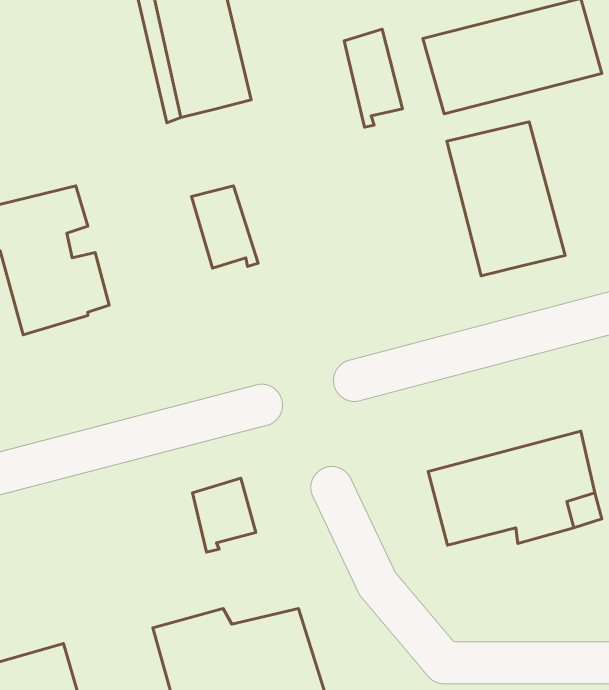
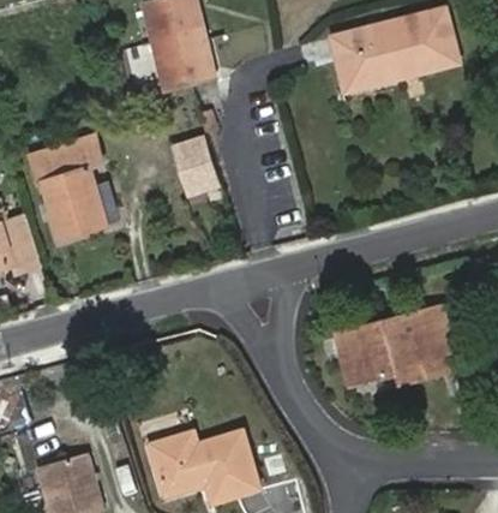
building: [344,29,402,127] -> none
building: [447,122,565,276] -> none
building: [192,478,256,552] -> none

